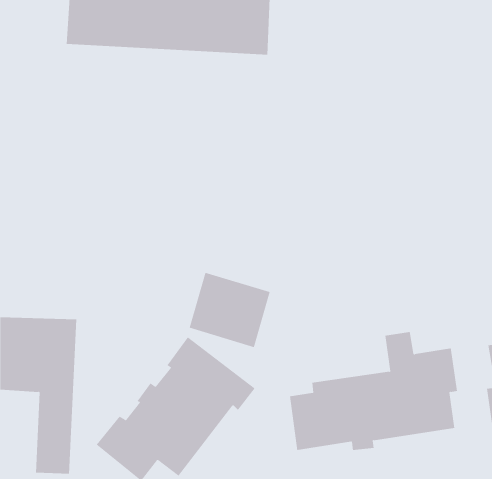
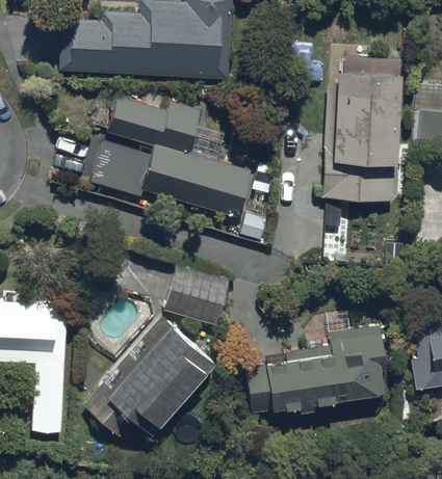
building: none -> [323,56,401,202]
building: none -> [92,98,252,217]

